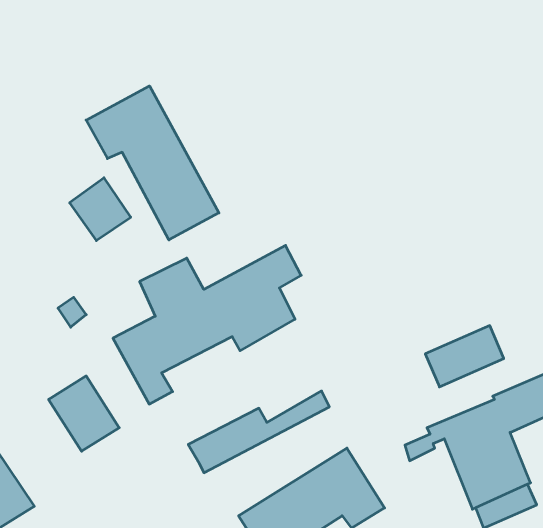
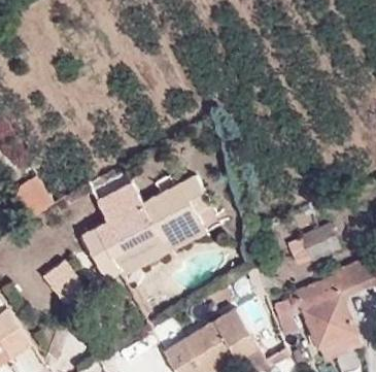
building: [86,86,219,240] -> none
building: [70,178,131,241] -> [13,174,54,215]
building: [188,391,329,473] -> [113,223,206,276]

